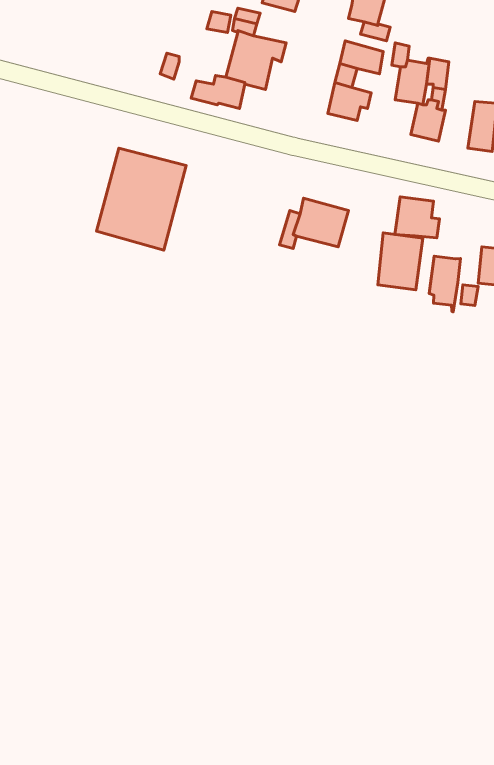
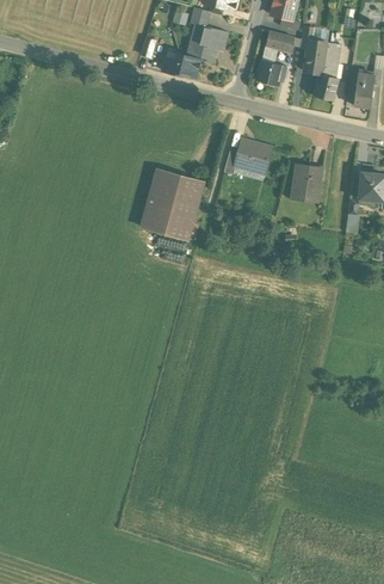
building: [96,148,186,250] -> [141,168,203,239]
building: [395,197,440,238] -> none
building: [429,256,461,312] -> none

